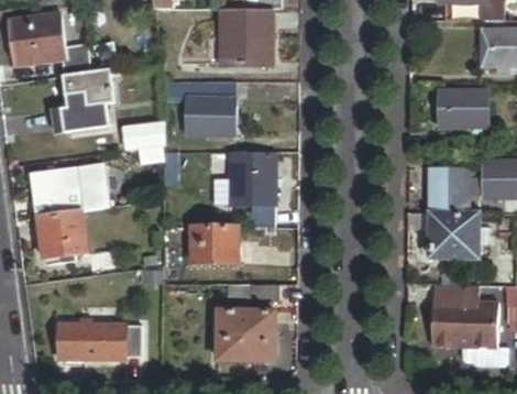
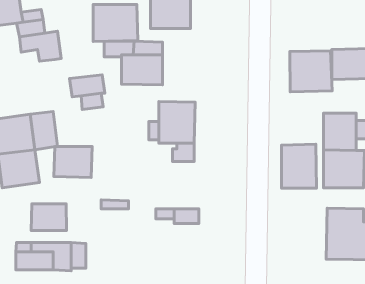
building: none -> [93,4,138,41]
building: [48,90,108,133] -> none
building: none -> [290,51,332,92]
building: none -> [282,144,317,188]
building: [191,226,238,263] -> [54,146,92,177]
building: none -> [31,204,66,231]
building: [217,309,274,360] -> none

